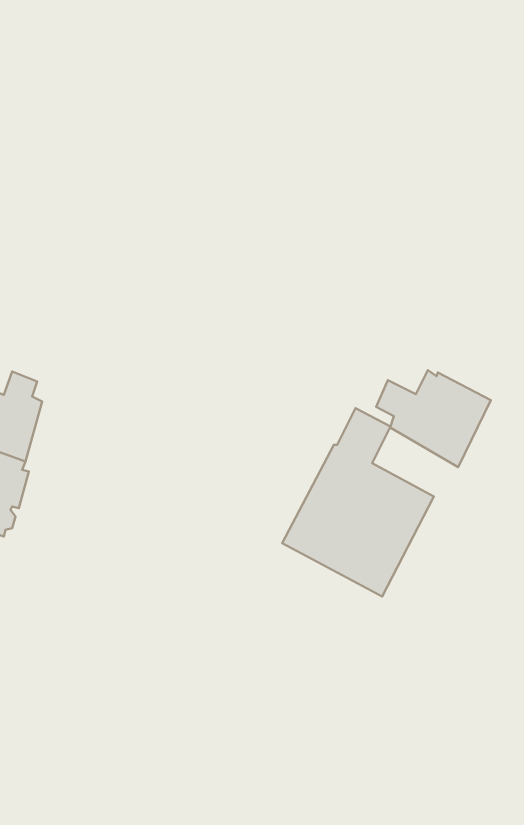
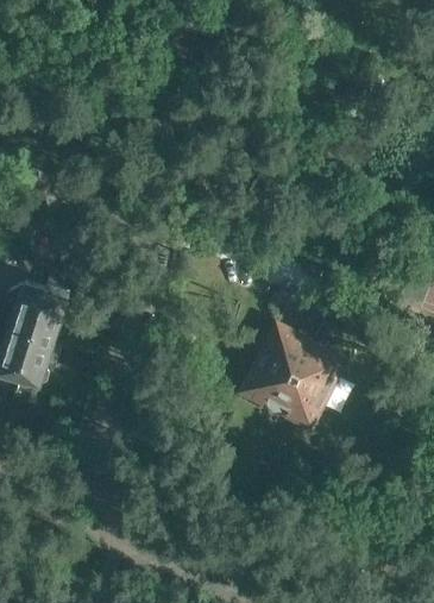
building: [376,370,491,467] -> none

